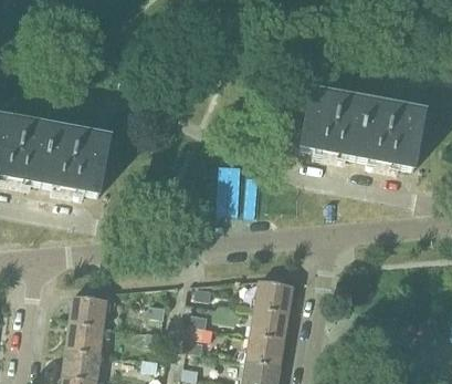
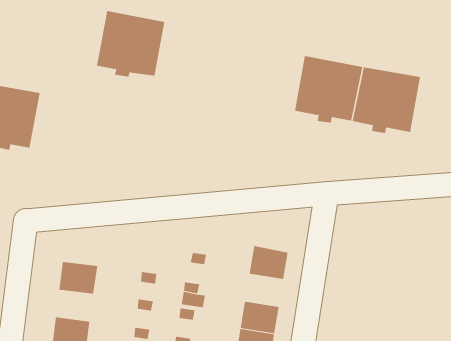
building: [41,128,108,194] -> [96,10,165,77]
building: [250,305,288,338] -> none
building: [65,321,103,352] -> none

